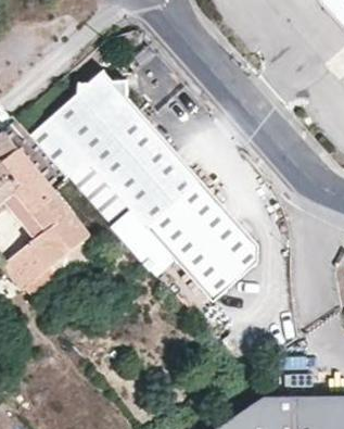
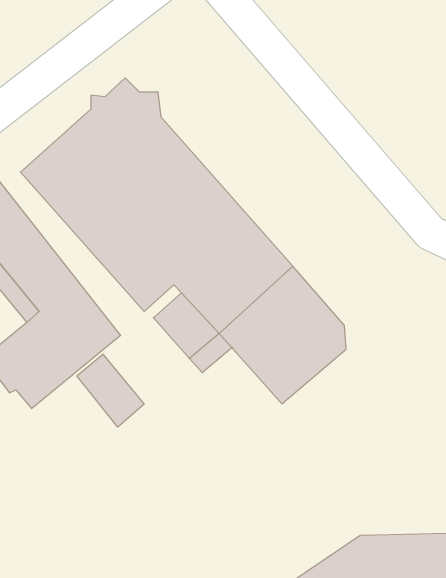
building: none -> [77,354,144,427]

